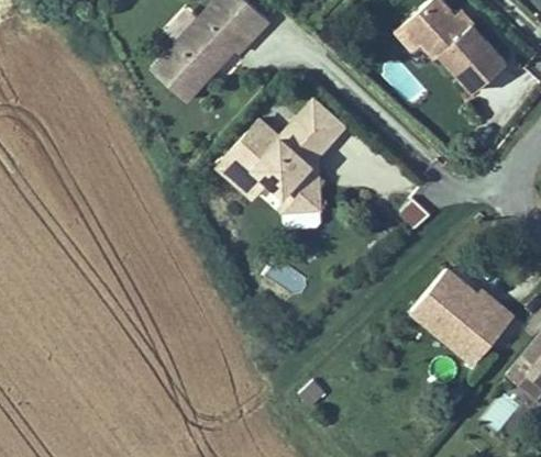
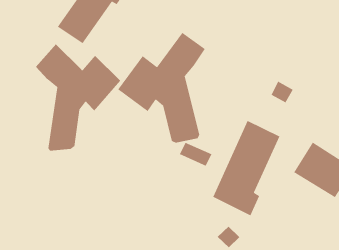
building: none -> [35,44,121,151]
building: none -> [212,120,281,217]

